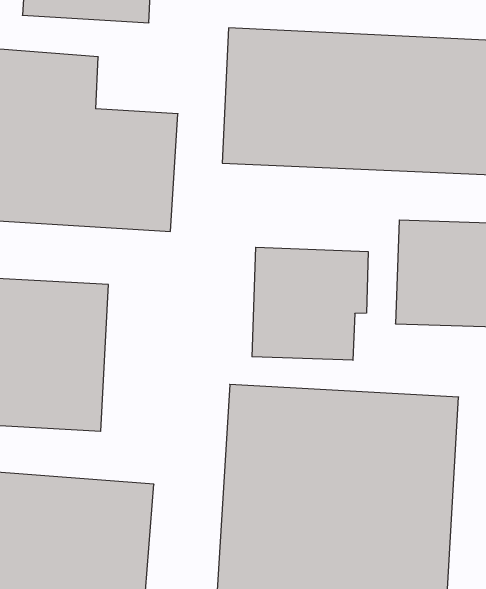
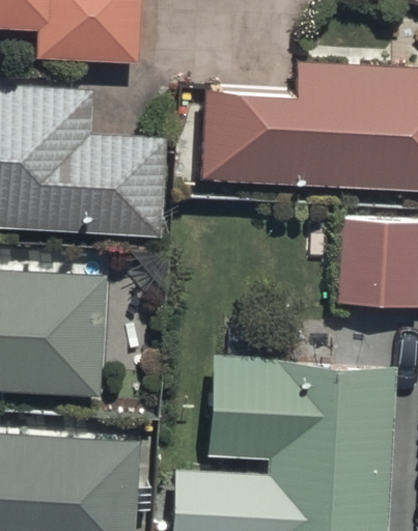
building: [252,247,368,360] -> none

